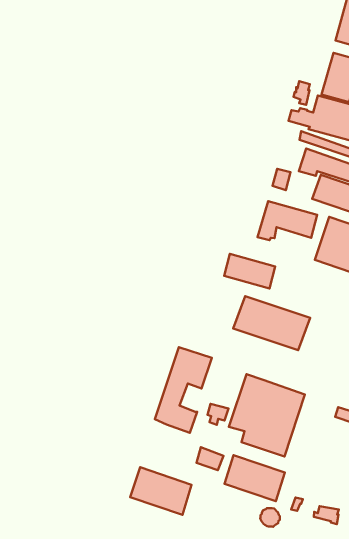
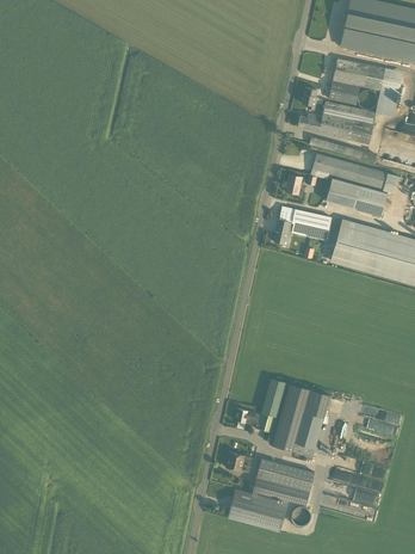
building: [224,254,275,288] -> none
building: [233,296,310,350] -> none
building: [155,347,212,433] -> none
building: [130,467,192,515] -> [227,488,286,533]

